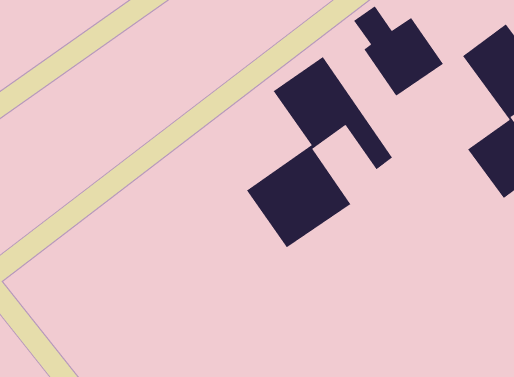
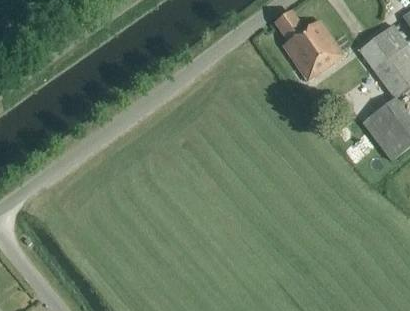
building: [246,56,393,248] -> none

